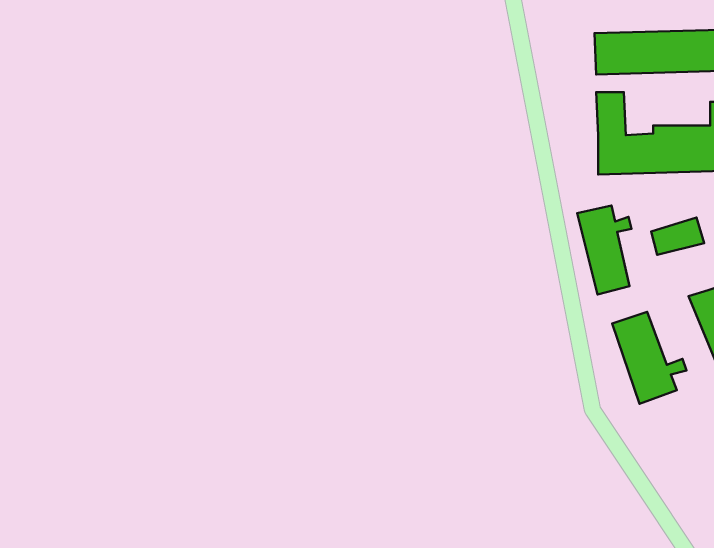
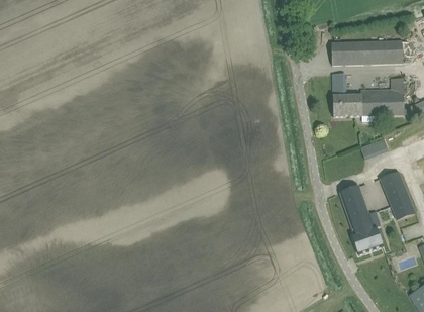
building: [577,206,632,294] -> none
building: none -> [352,225,383,254]

